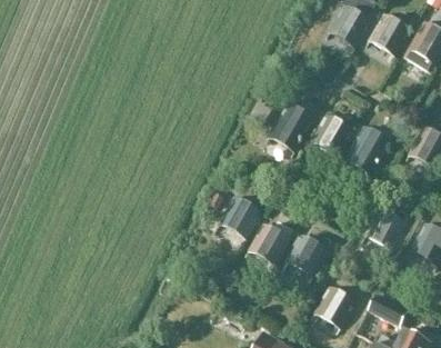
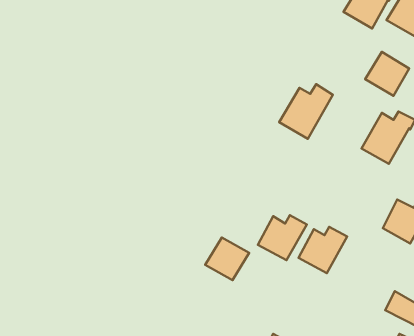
building: [311,113,352,155] -> [365,52,409,96]
building: [219,197,260,237] -> [205,238,249,280]
building: [314,285,355,325] -> none

